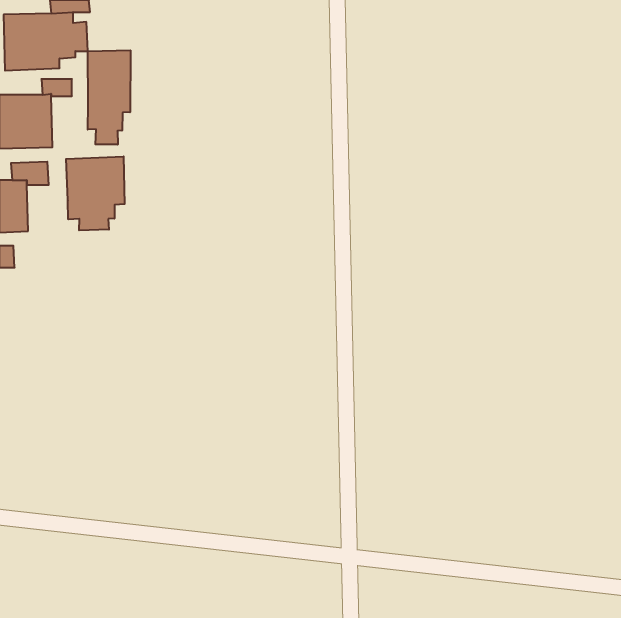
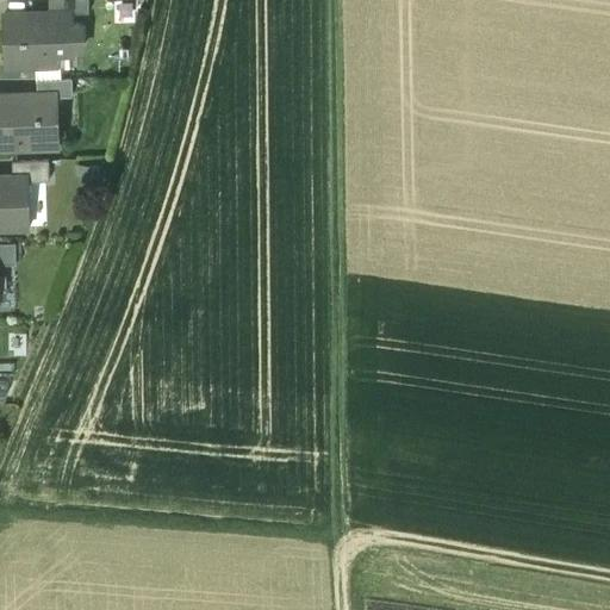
building: [88,50,130,145] -> none
building: [66,156,125,230] -> none

